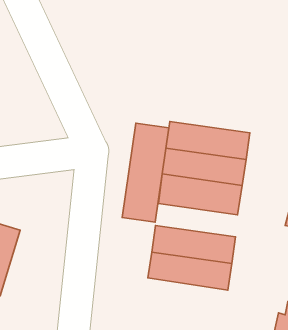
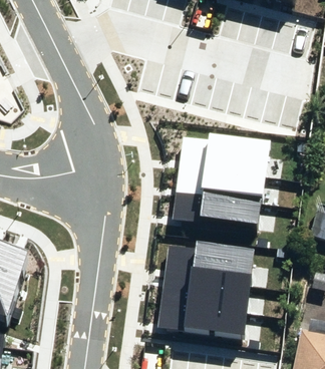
building: [122,123,169,222] -> none
building: none -> [157,297,246,340]

